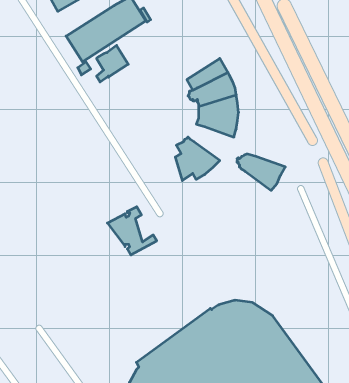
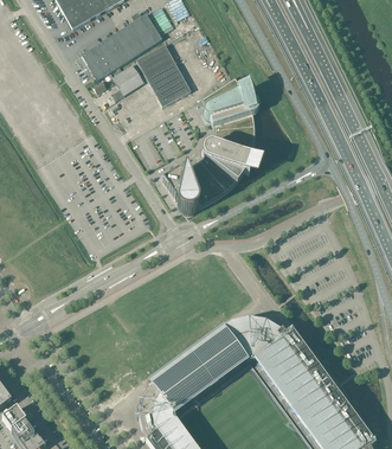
building: none -> [136,41,191,104]
building: [237,154,285,190] -> [201,141,250,178]
building: [107,207,157,255] -> [162,162,212,211]

